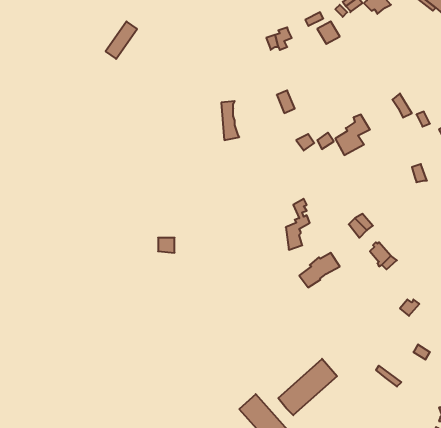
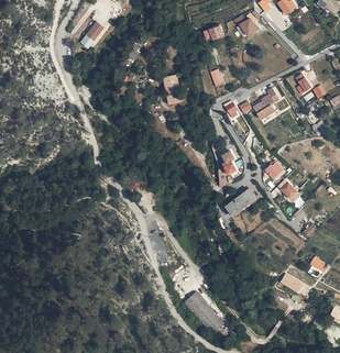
building: [278,359,337,415] -> none

